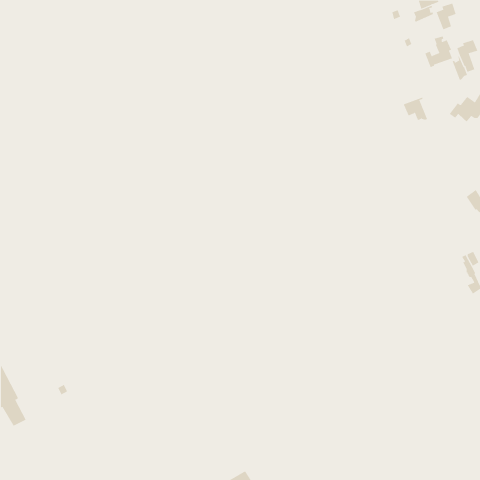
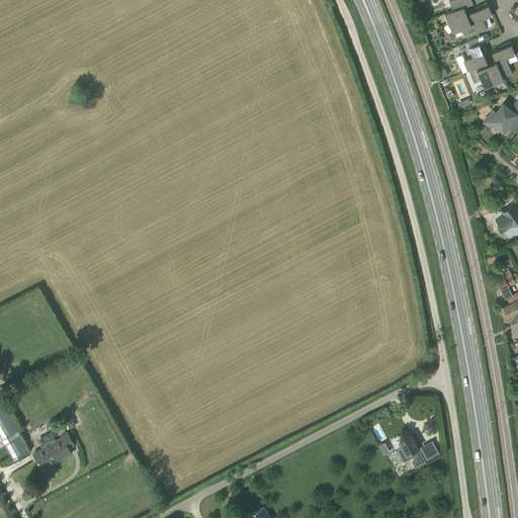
building: none -> [447,11,477,37]
building: [403,96,428,121] -> [468,63,495,89]
building: none -> [33,432,76,470]
building: none -> [399,436,427,468]

